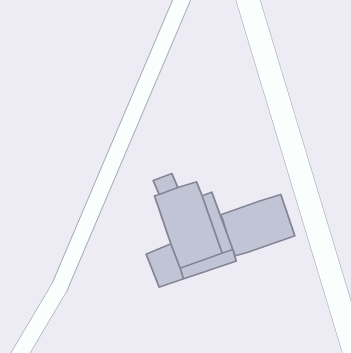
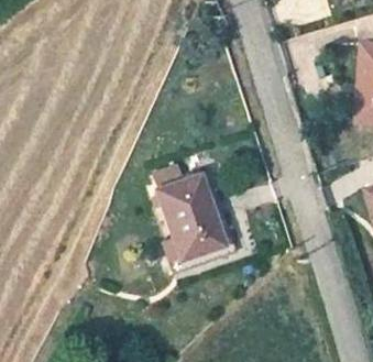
building: [220,194,295,256] -> none

